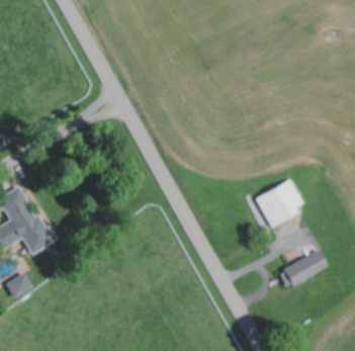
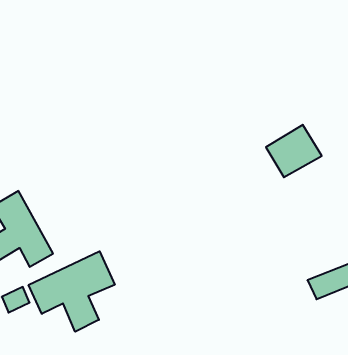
building: [255,179,305,227] -> [266,125,322,177]
building: none -> [29,251,115,332]

